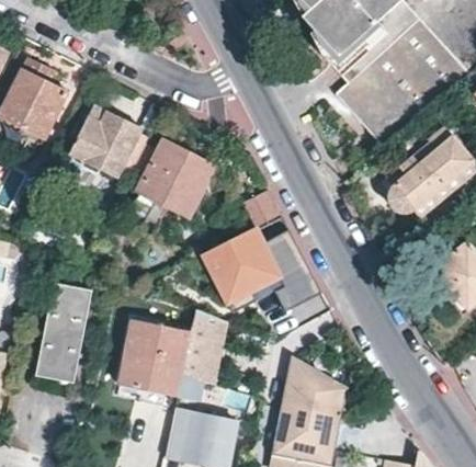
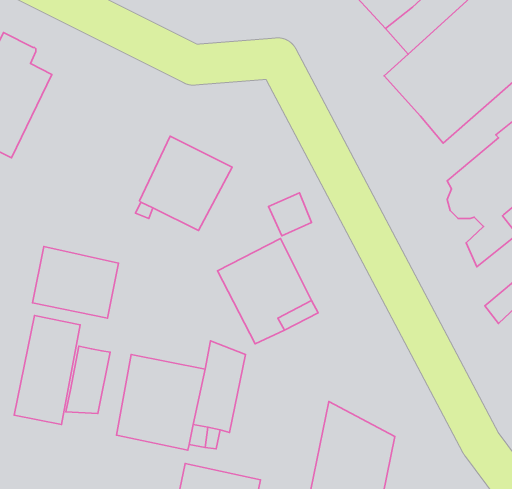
building: [69,111,140,176] -> none
building: none -> [32,246,119,318]
building: none -> [66,346,110,413]

